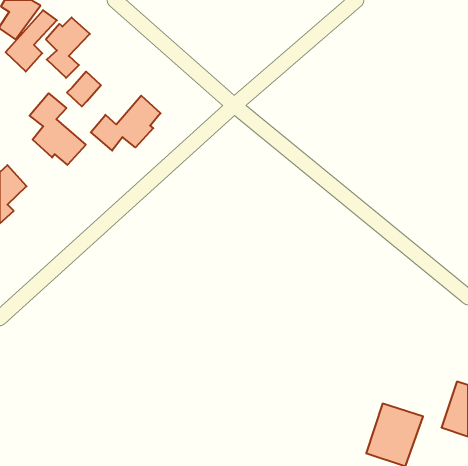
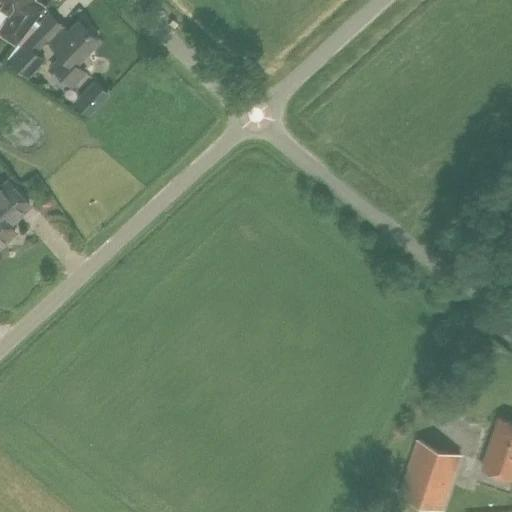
building: [30,93,86,165] -> none
building: [91,96,161,151] -> none

